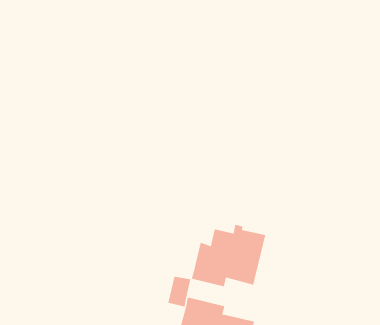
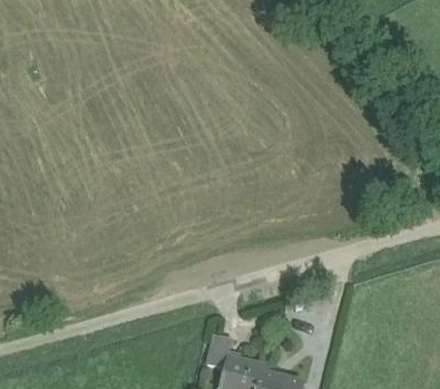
building: [191,224,266,287] -> none

